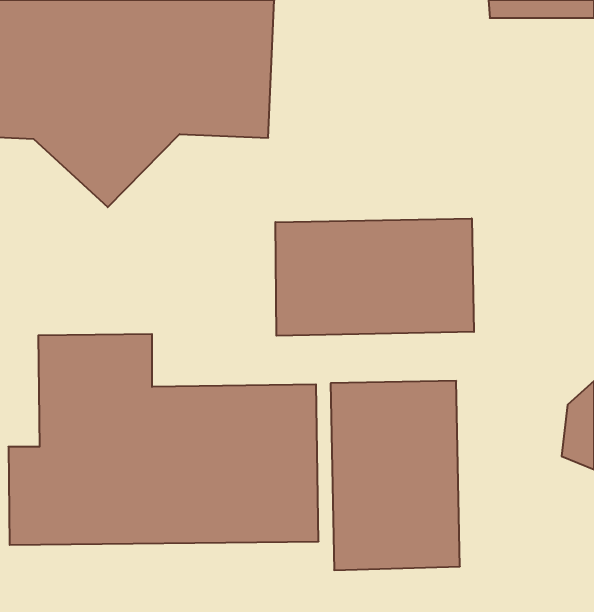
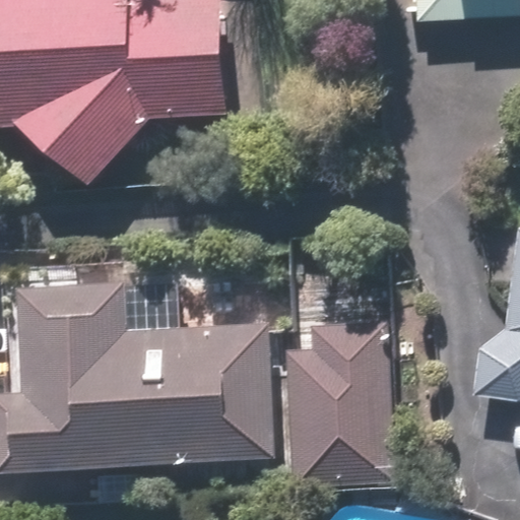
building: [275,218,474,336] -> none

